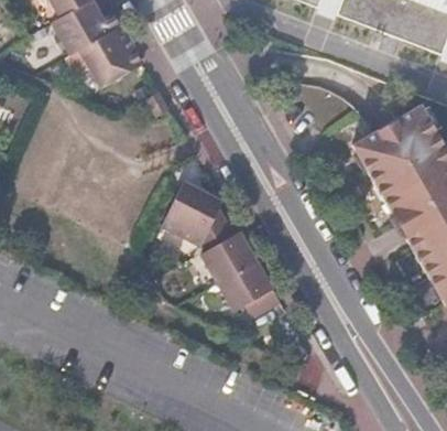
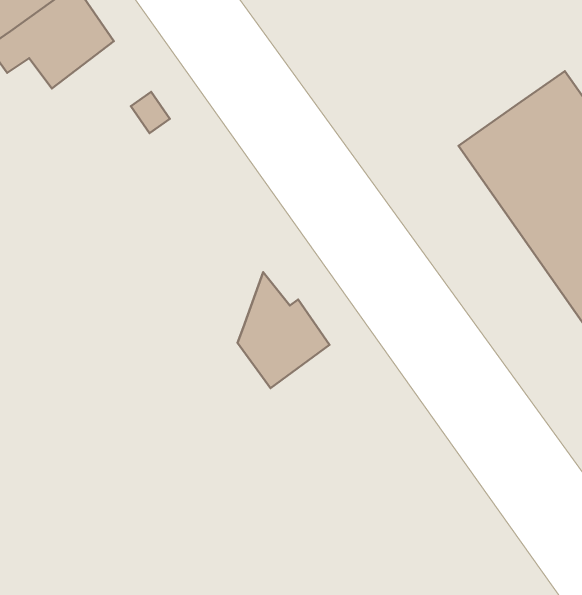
building: [161,180,222,243] -> none
building: [217,258,280,316] -> none

